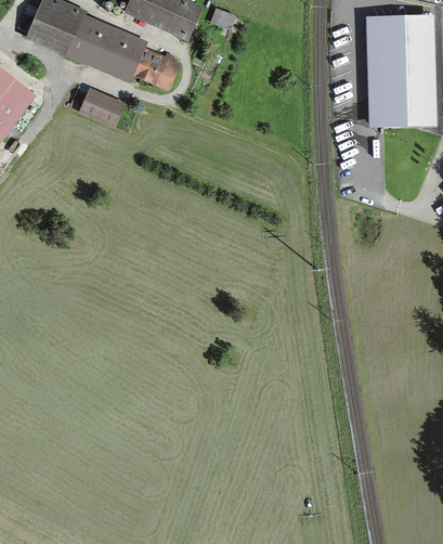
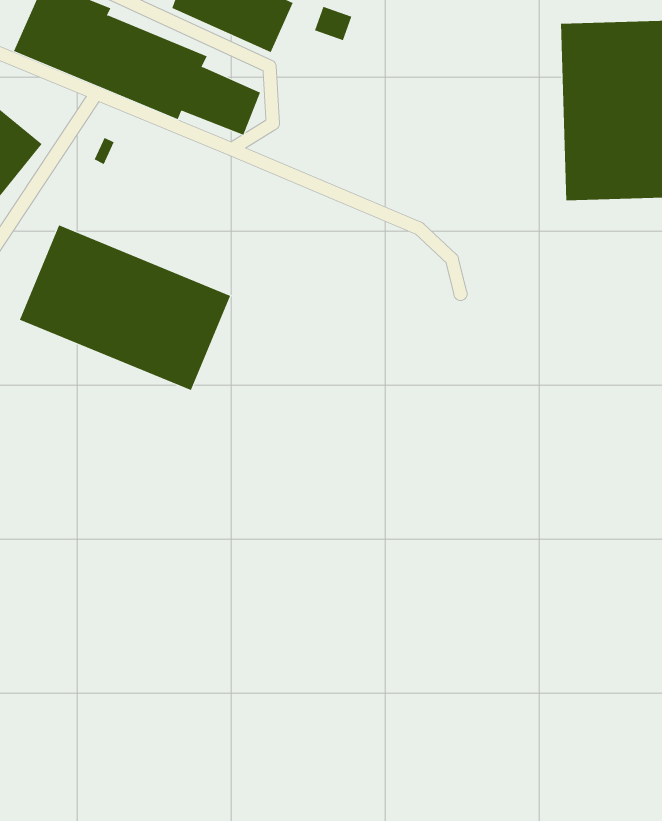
building: [78,87,126,128] -> none
building: none -> [19,225,231,391]

